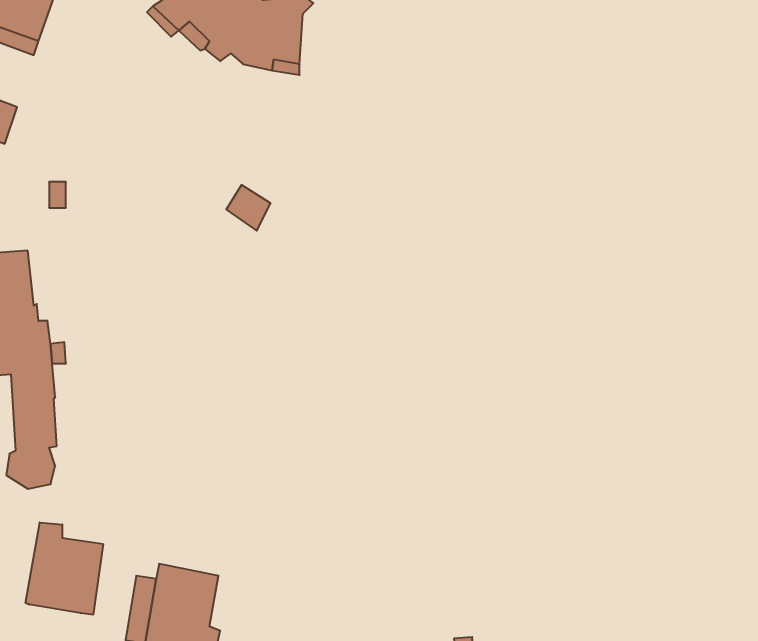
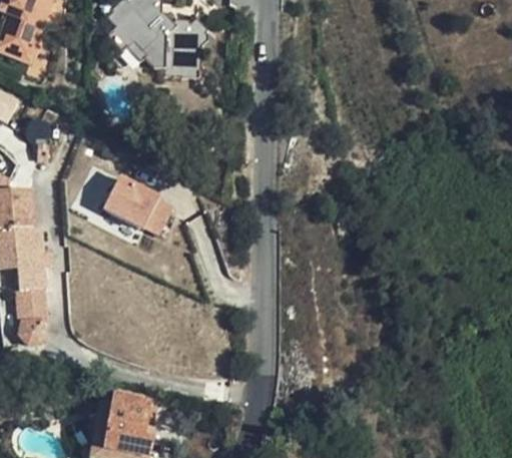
building: none -> [77,165,176,236]
building: [26,522,103,615] -> none

